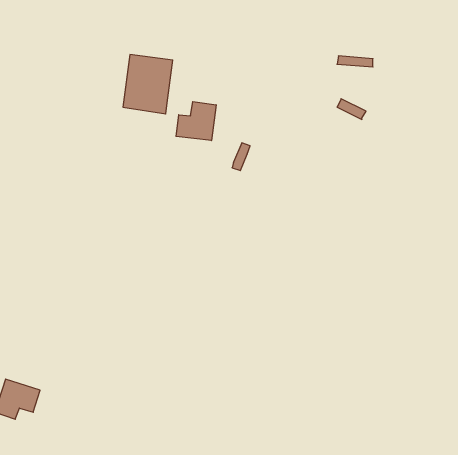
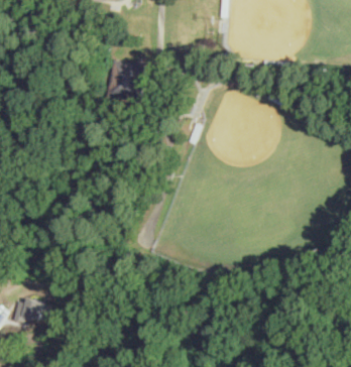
building: [176,102,216,141] -> none

